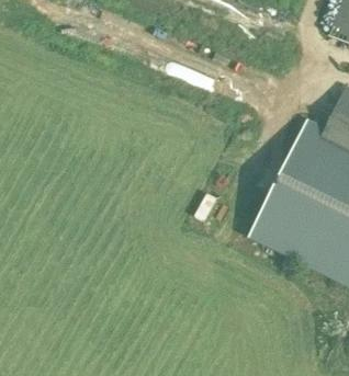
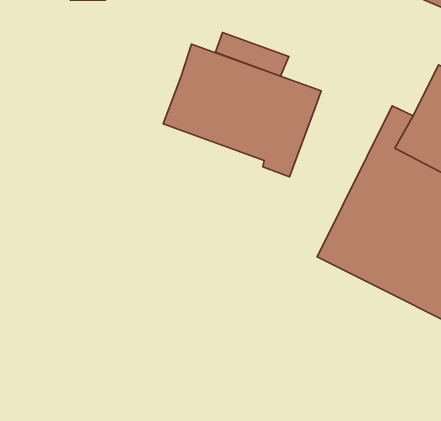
building: none -> [163,44,321,177]

